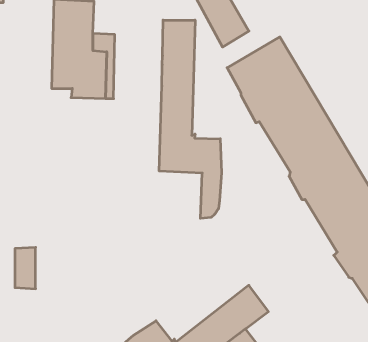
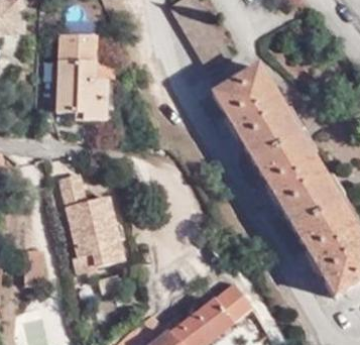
building: [159,20,222,218] -> none
building: none -> [59,175,121,264]

